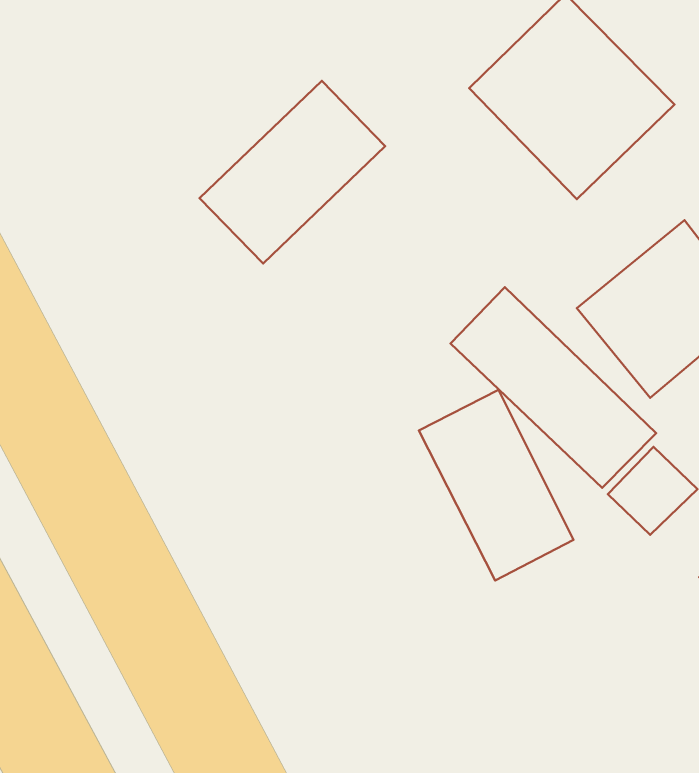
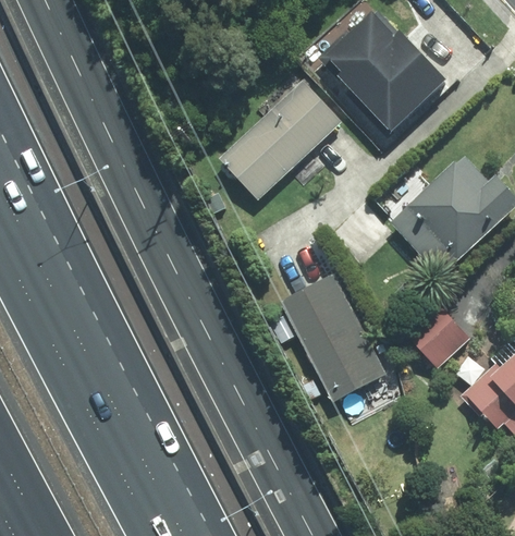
building: [200,81,385,263] -> [218,81,342,203]
building: [451,287,656,488] -> none

